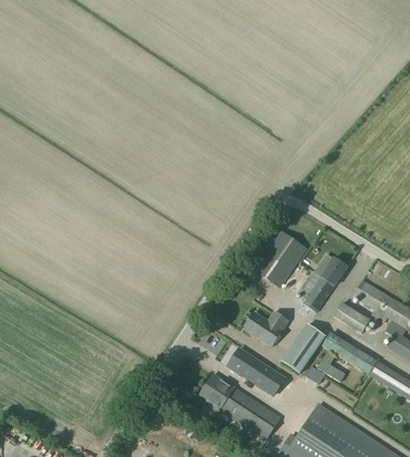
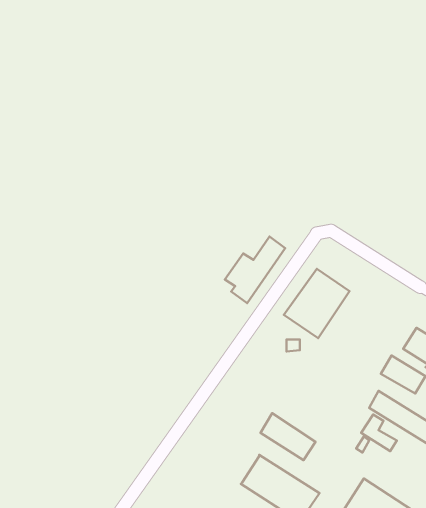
building: [297,256,348,312] -> [225,236,285,303]
building: [241,311,287,346] -> none
building: [274,325,320,377] -> none
building: [198,374,231,408] -> none

